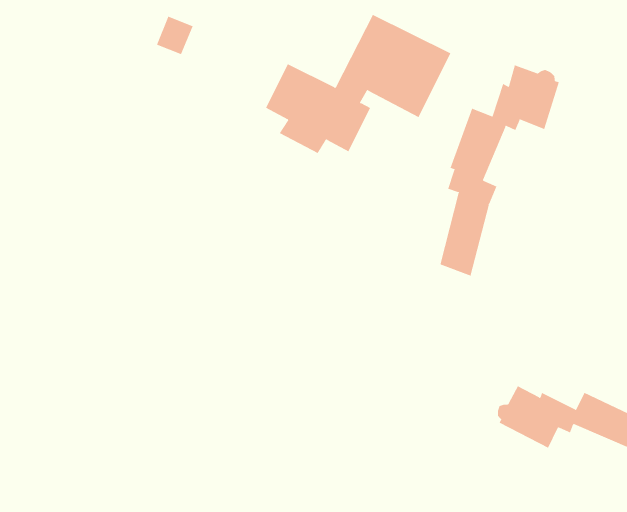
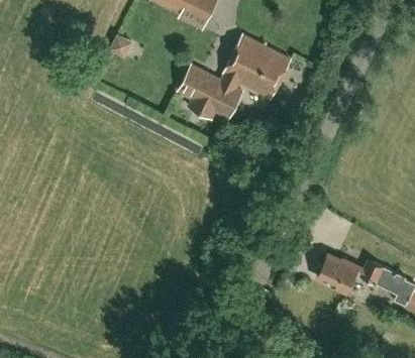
building: [440,64,559,276] -> none

